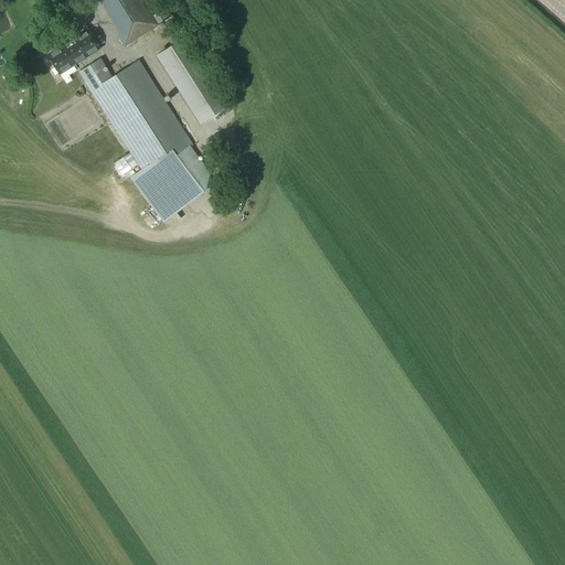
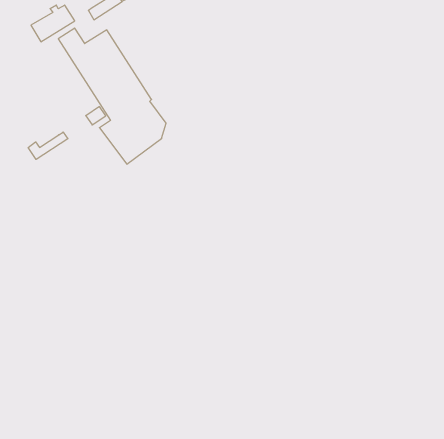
building: [156,36,228,122] -> none
building: none -> [28,132,68,159]

